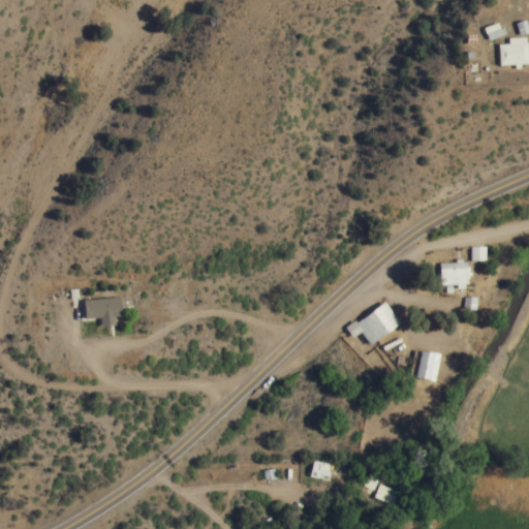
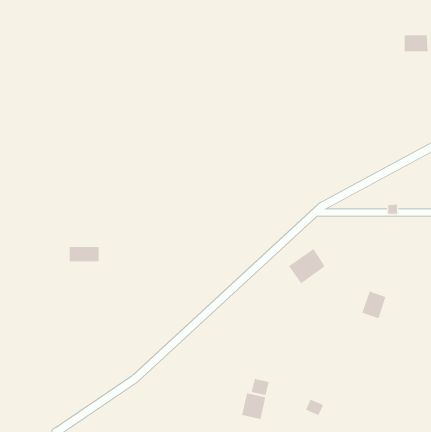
building: [442,262,470,287] -> none
building: [412,348,442,382] -> [361,291,386,319]
building: none -> [242,393,266,420]

